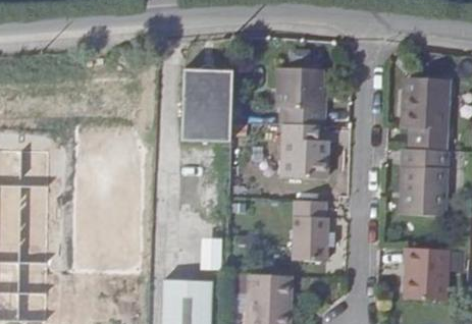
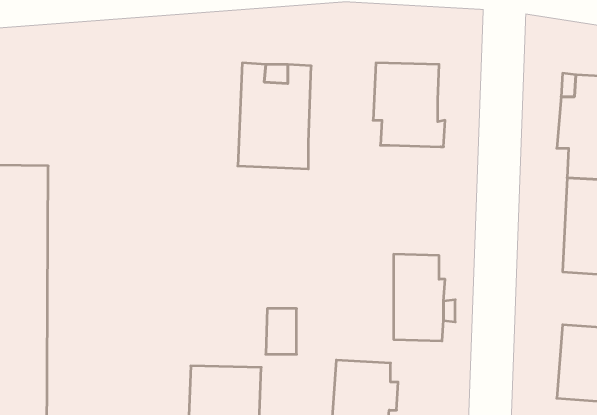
building: [284,125,331,180] -> none

